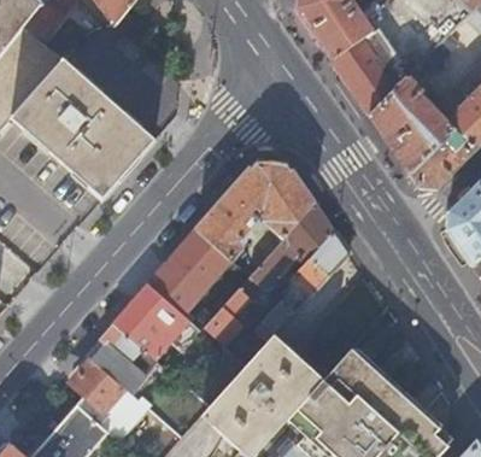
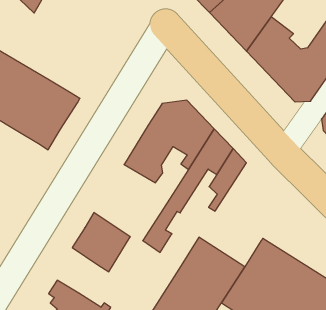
building: [148,229,250,330] -> none
building: [89,321,142,379] -> none

